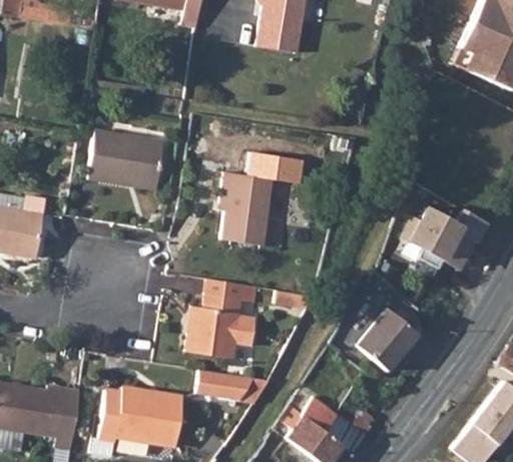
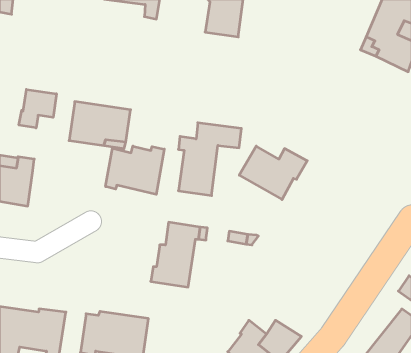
building: none -> [19,89,56,128]
building: none -> [106,146,164,194]
building: [401,207,485,274] -> [239,146,307,200]
building: [354,309,415,371] -> none
building: [195,368,267,401] -> none

